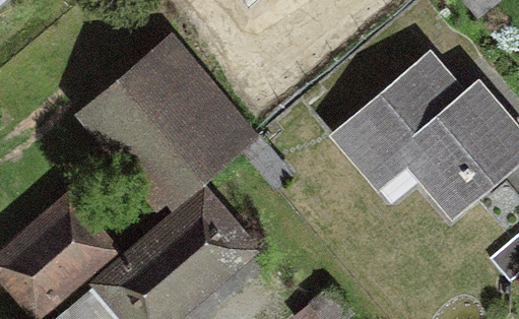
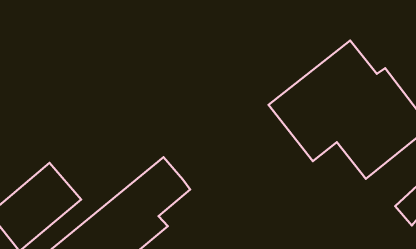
building: [89,57,231,201] -> none

